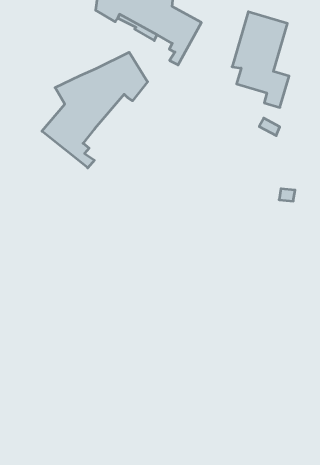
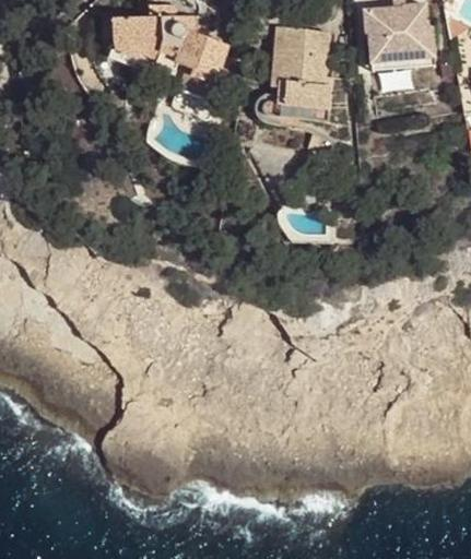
building: [42,52,148,168] -> none

